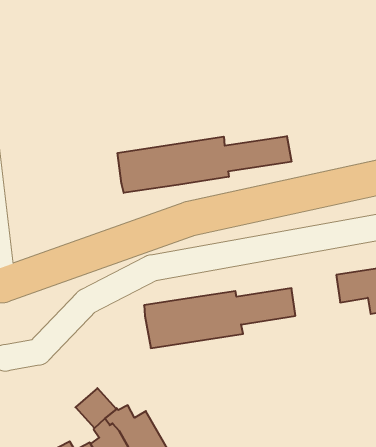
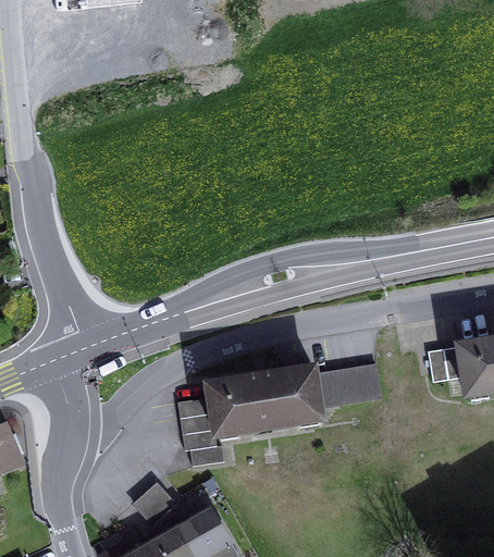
building: [118,136,291,193] -> none
building: none -> [178,398,225,467]

